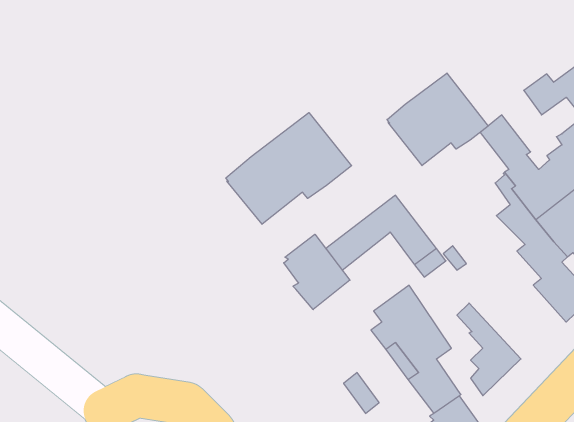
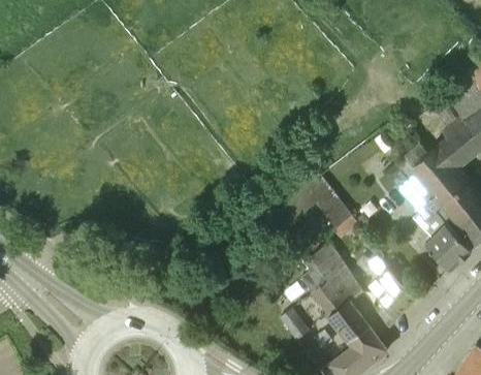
building: [387,73,488,166] -> none
building: [226,113,352,224] -> none
building: [284,234,350,310] -> none

